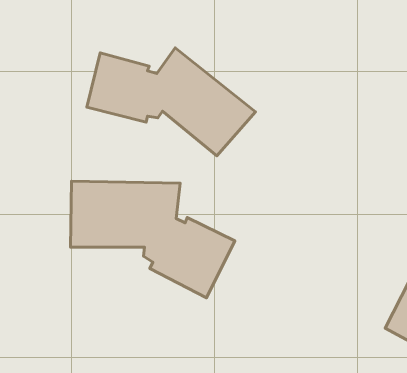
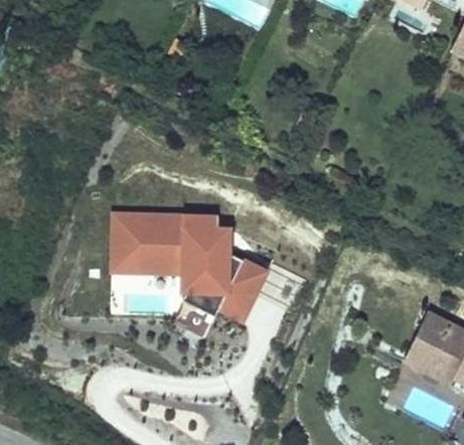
building: [87,48,256,156] -> none

